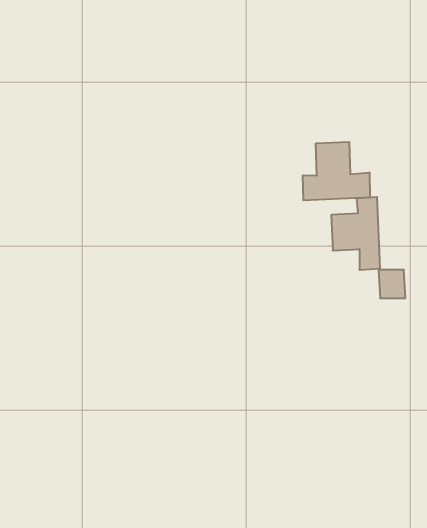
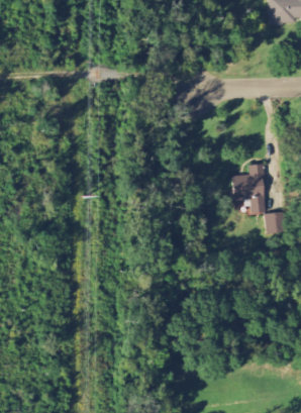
building: [303,142,370,200] -> none

